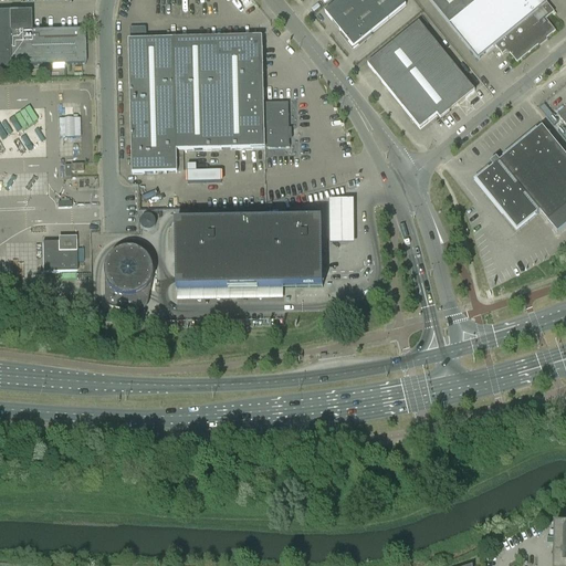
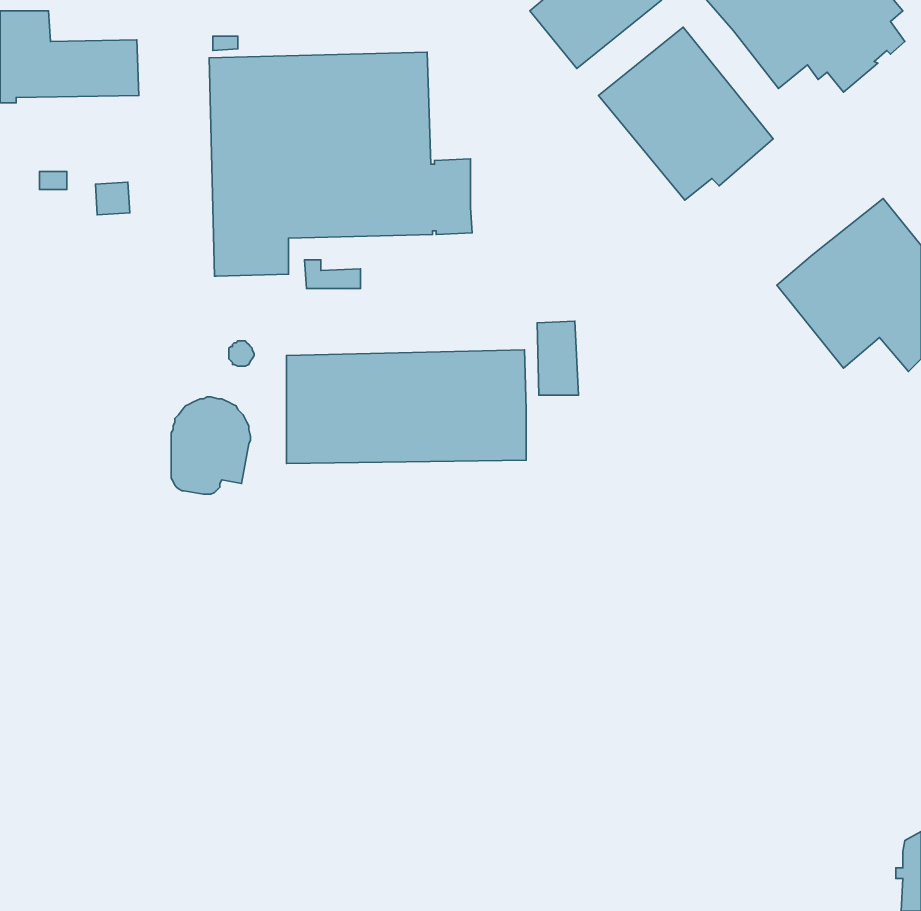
building: [42,237,76,268] -> none

